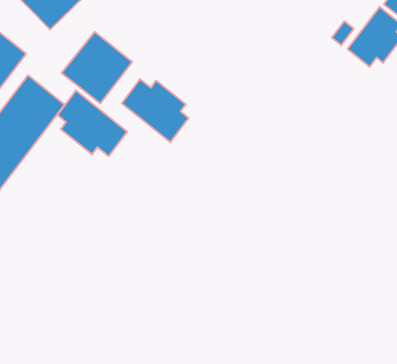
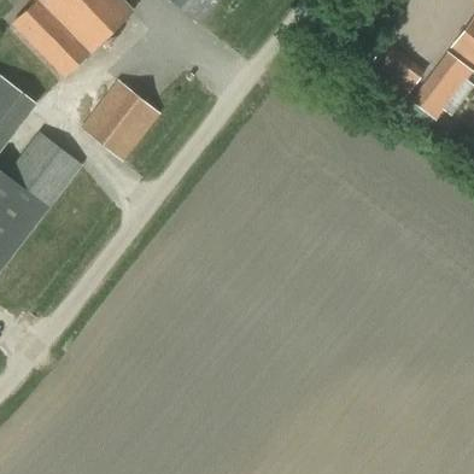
building: [122,79,189,142] -> none
building: [58,90,127,156] -> none

